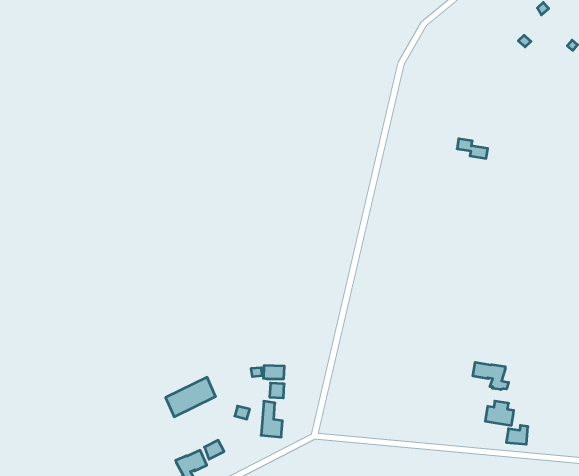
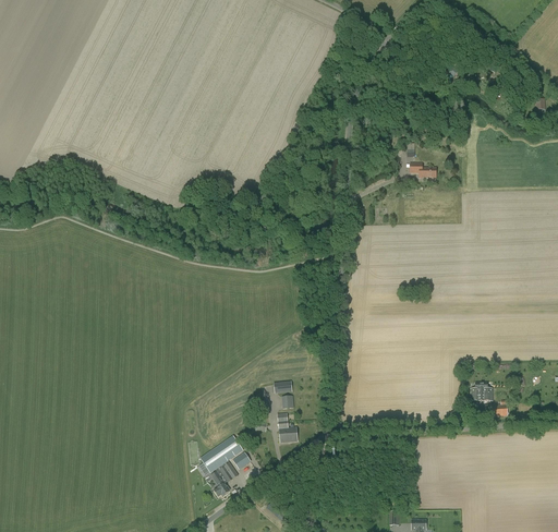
building: [473,362,509,390] -> none
building: [166,377,216,417] -> [201,436,243,474]

